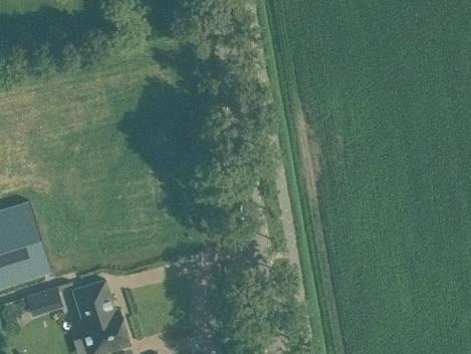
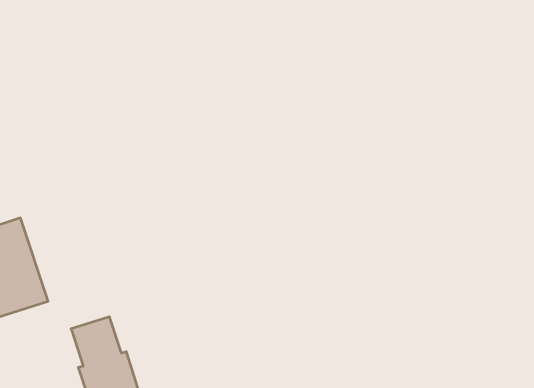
building: [24,291,59,317] -> none

